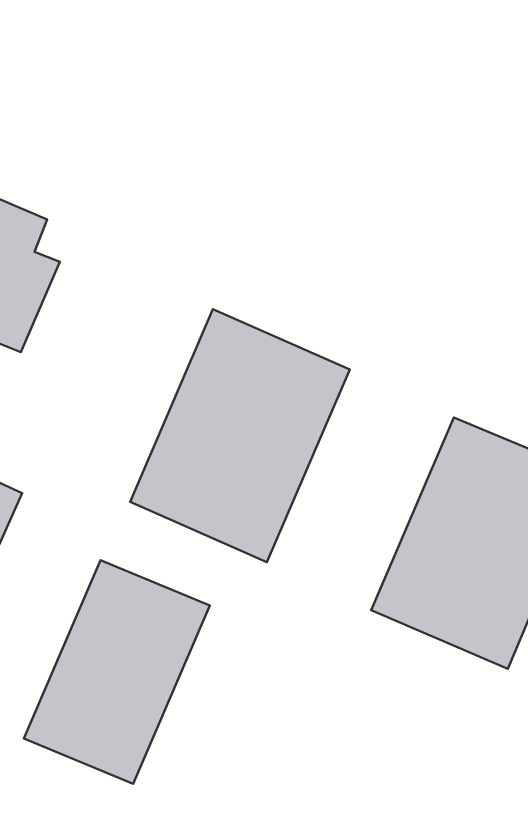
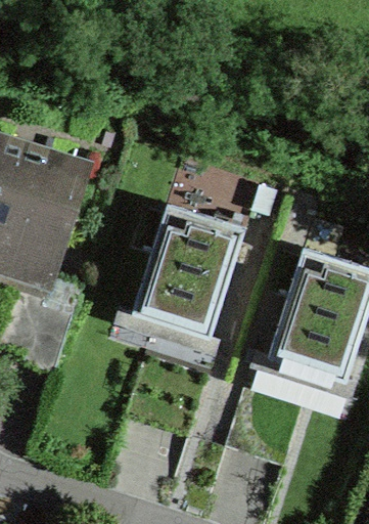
building: [24,560,210,784] -> none

